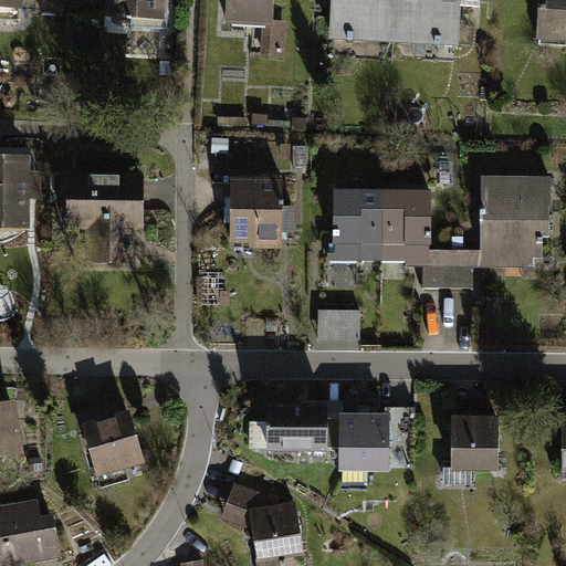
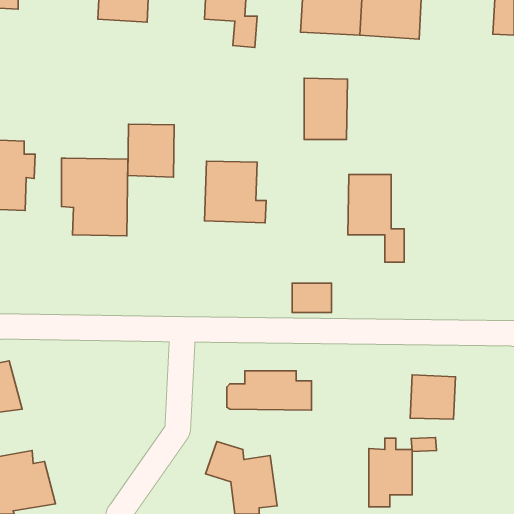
building: none -> [128,124,174,177]
building: [443,178,548,287] -> none
building: [335,190,382,258] -> [304,78,347,140]
building: [74,401,140,485] -> none
building: [342,407,389,482] -> [369,438,412,507]

